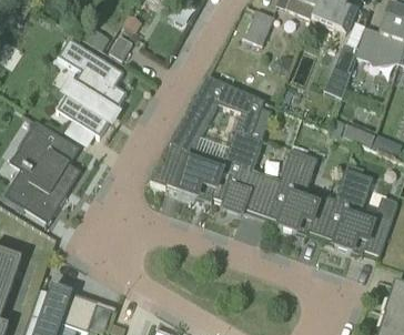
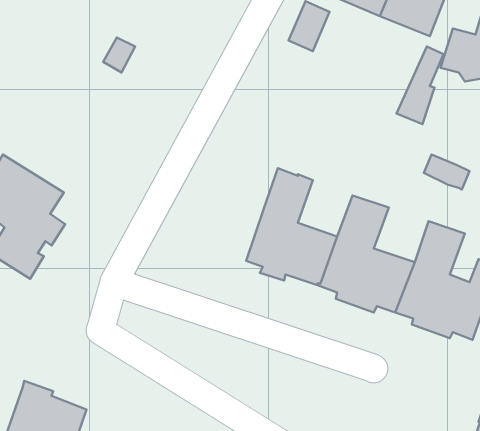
building: [58,37,127,134] -> none
building: [223,84,263,134] -> none
building: [150,91,226,201] -> none

